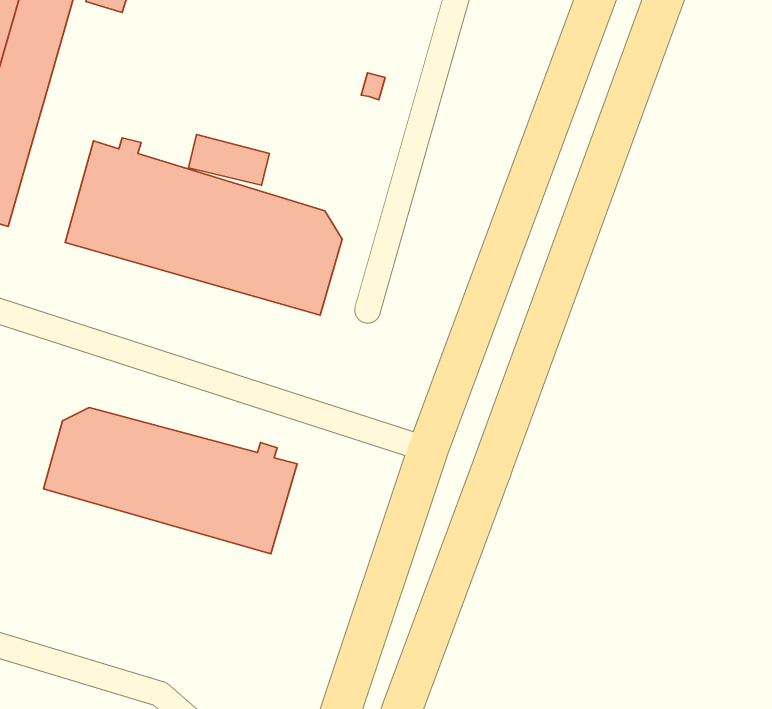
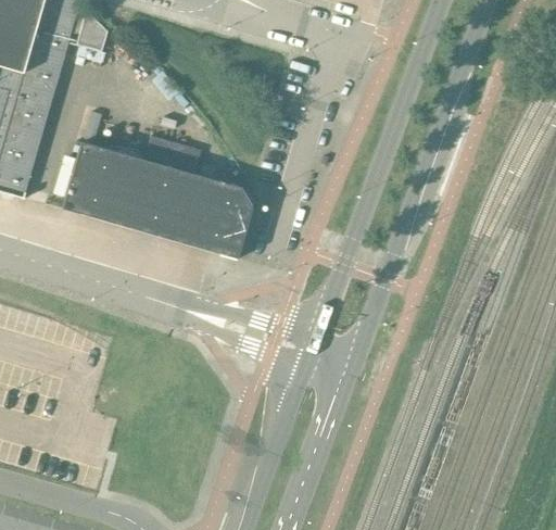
building: [43,408,297,554] -> none

